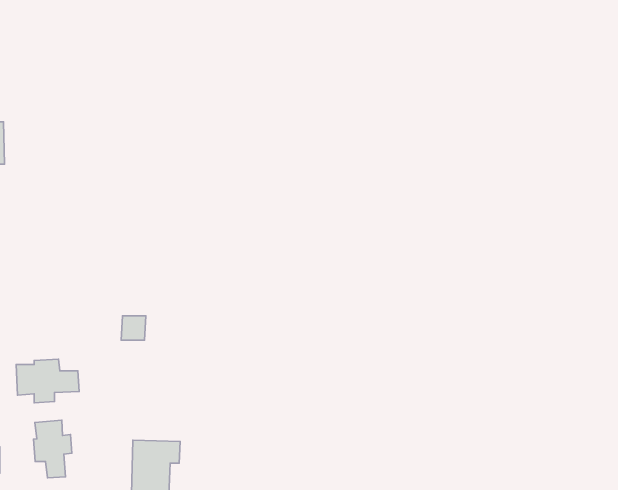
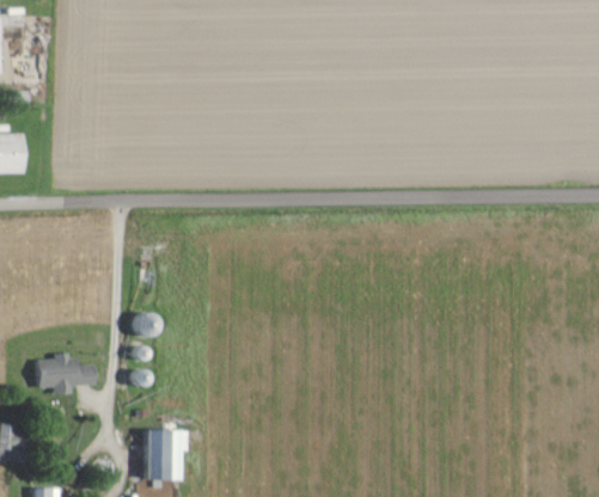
building: [34,420,72,478] -> none

